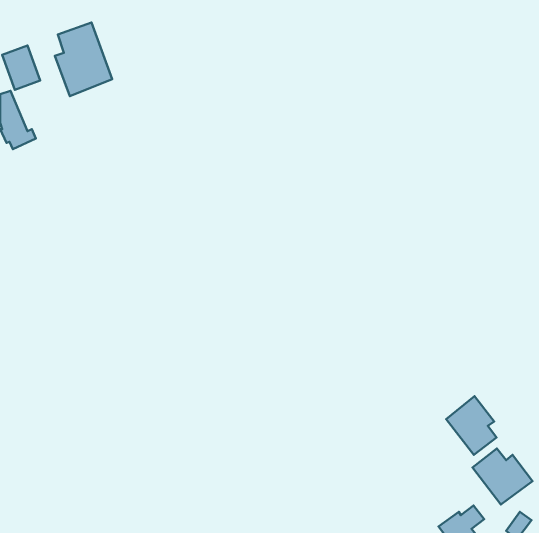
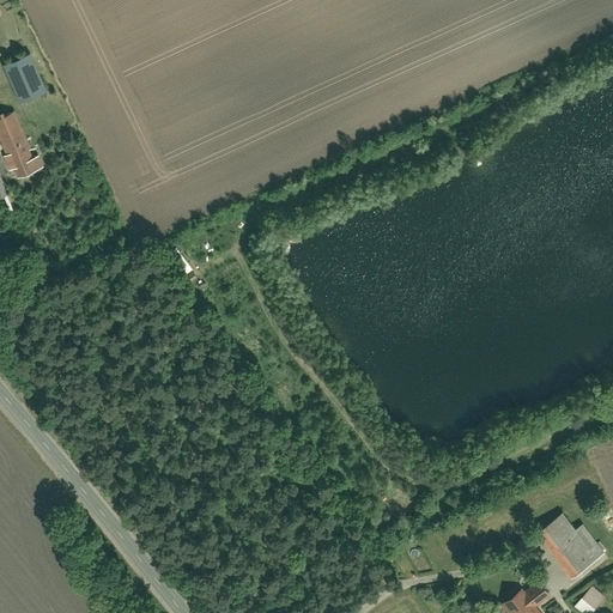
building: [55,23,112,96] -> none
building: [446,396,497,455] -> none

